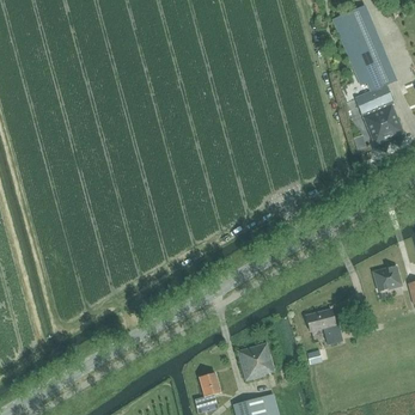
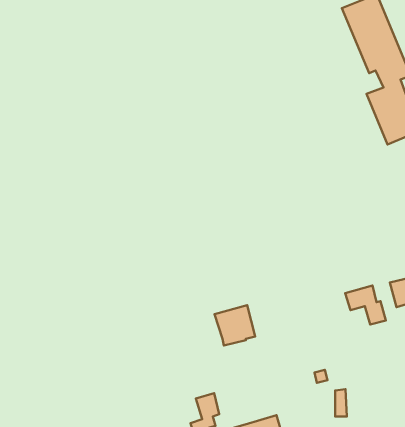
building: [305,307,342,343] -> [345,285,386,324]
building: [237,342,274,379] -> [215,305,255,345]

